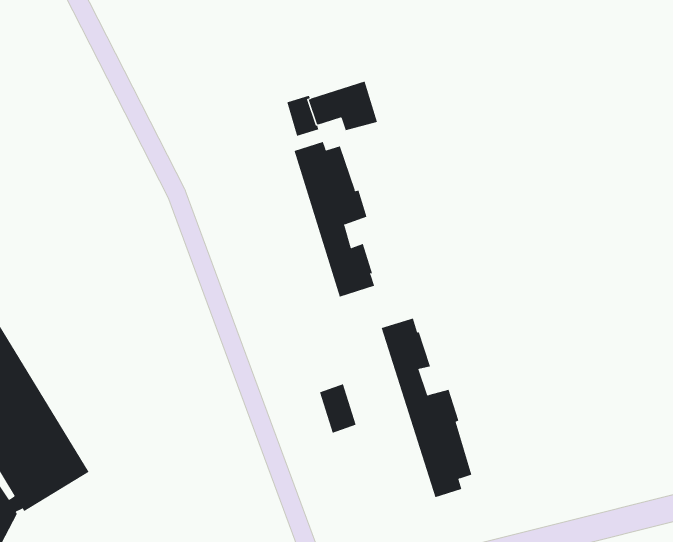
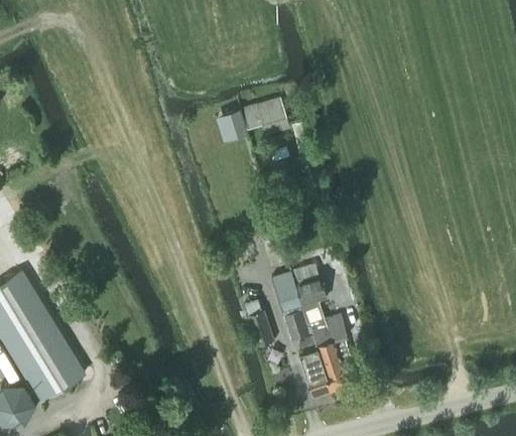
building: [294,141,375,297] -> none
building: none -> [273,272,329,397]

